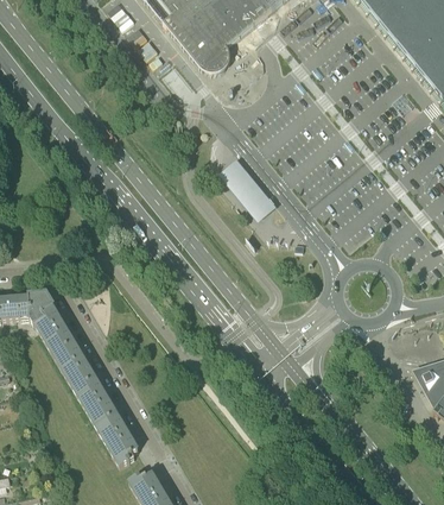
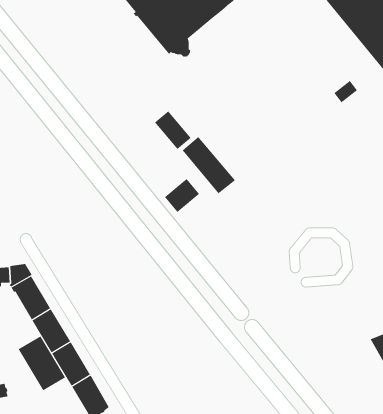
building: none -> [154,111,192,150]
building: none -> [164,178,200,213]
building: none -> [18,335,66,391]

